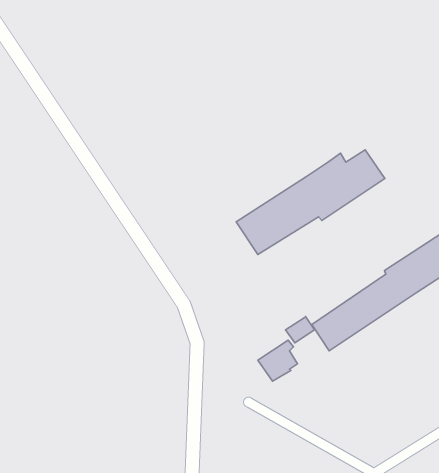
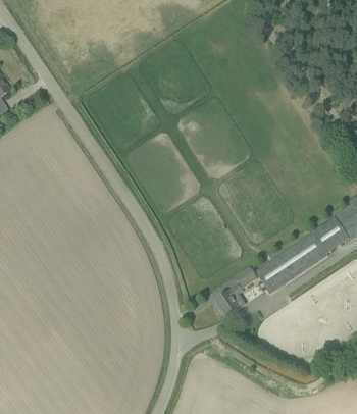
building: [236,150,385,254] -> none

